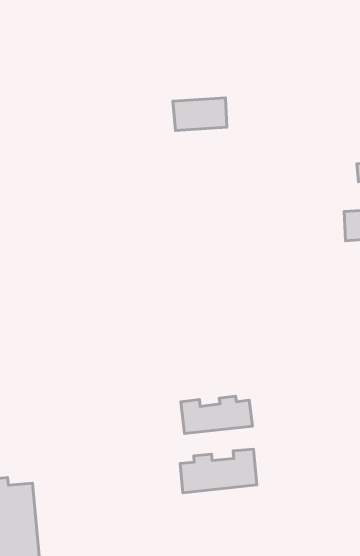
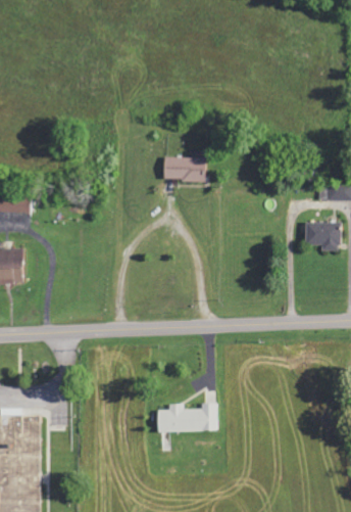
building: [173,98,227,131] -> [163,157,205,182]
building: [181,396,252,433] -> none

